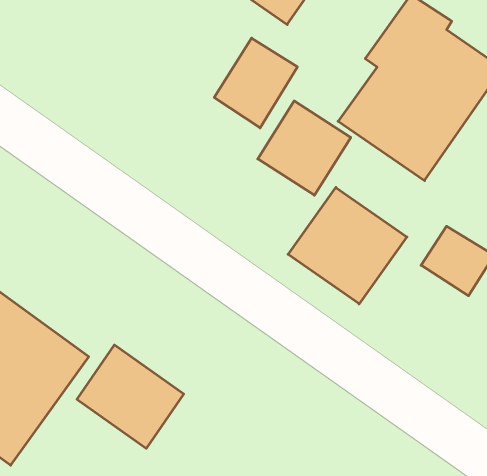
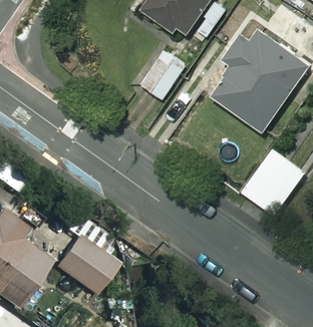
building: [258,101,351,195] -> none
building: [288,187,407,304] -> none

